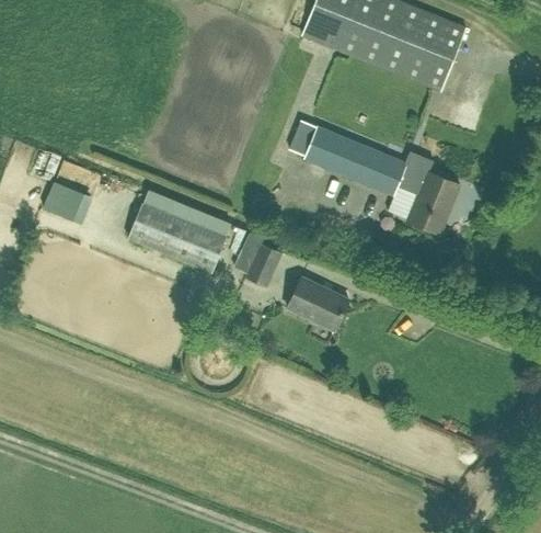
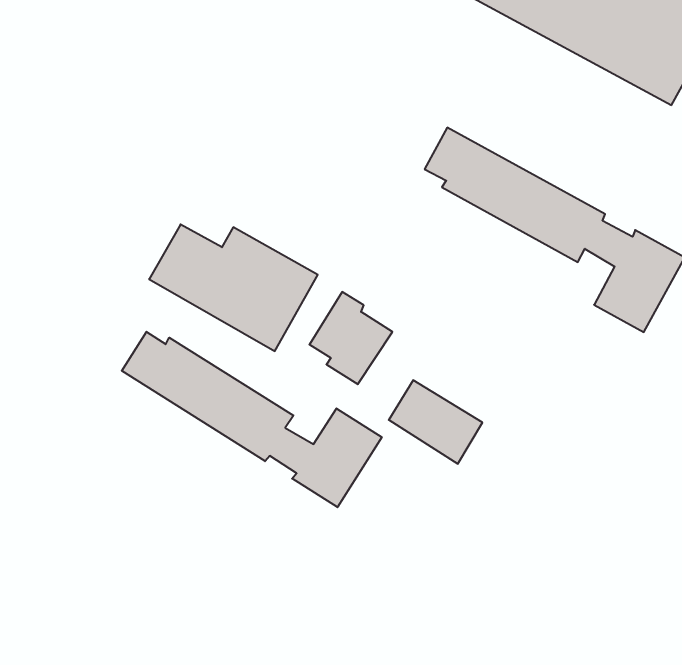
building: [49,181,89,217] -> none
building: none -> [122,332,382,507]

